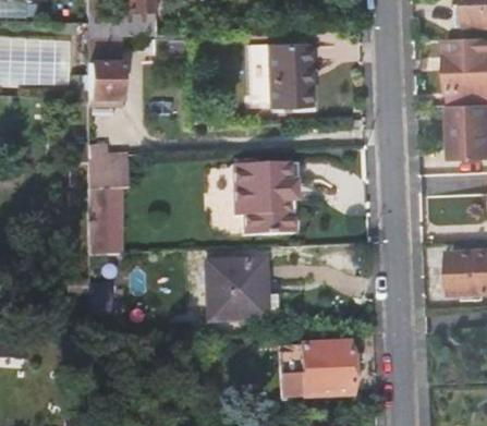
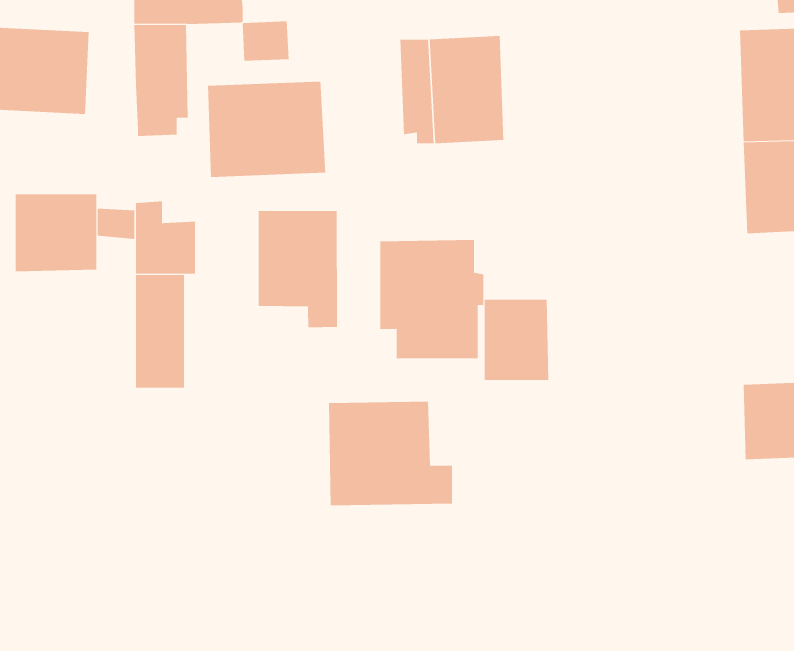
building: none -> [208,81,326,178]
building: none -> [15,194,97,272]
building: none -> [258,210,337,328]
building: none -> [484,299,549,381]
building: [280,343,348,398] -> none

